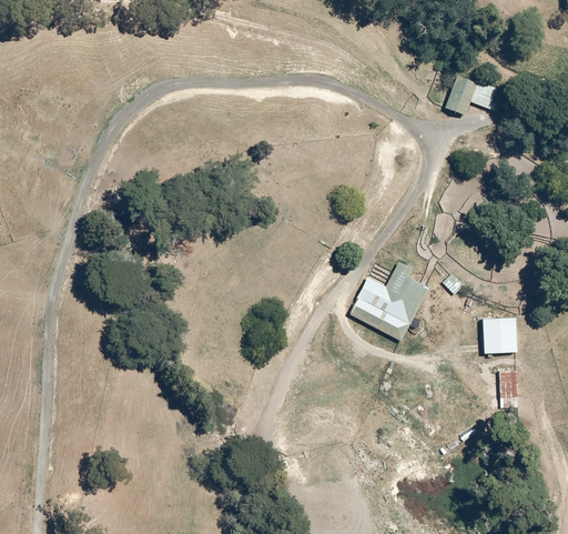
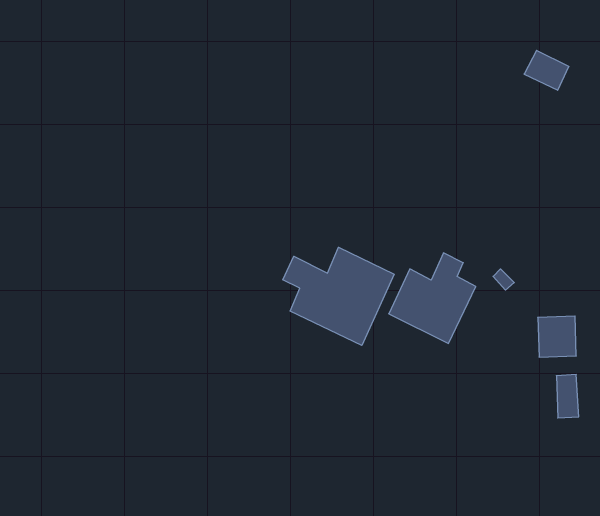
building: [444,75,474,114] -> none
building: none -> [283,247,394,345]

